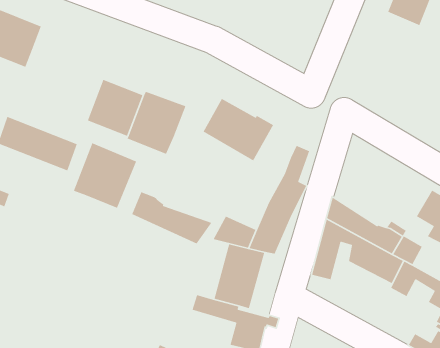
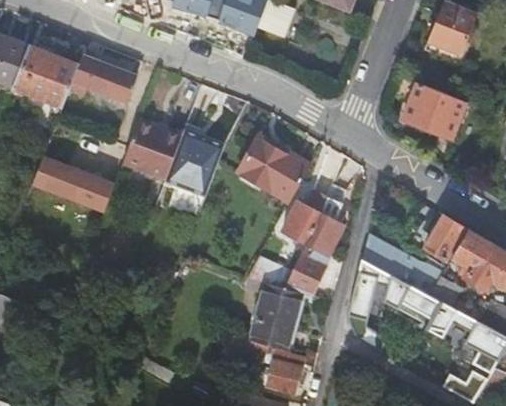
building: none -> [68,53,138,103]
building: none -> [402,84,460,138]
building: [73,142,137,209] -> none
building: none -> [281,191,326,242]
building: none -> [424,215,464,259]
building: [131,191,213,245] -> none

